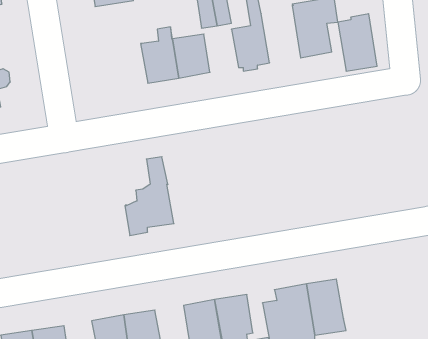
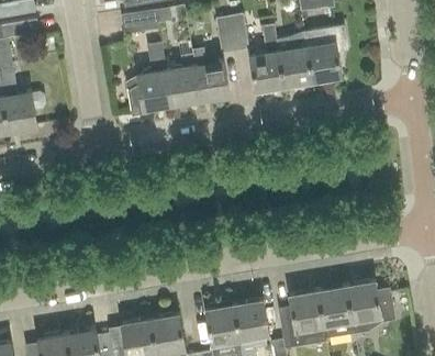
building: [338,14,377,71] -> [277,33,313,86]
building: [125,157,174,236] -> [127,43,172,115]
building: none -> [346,280,395,332]

